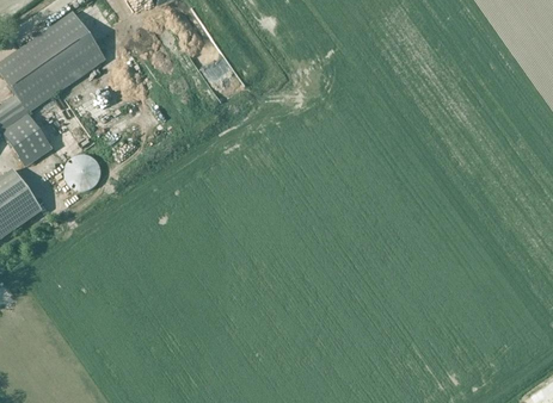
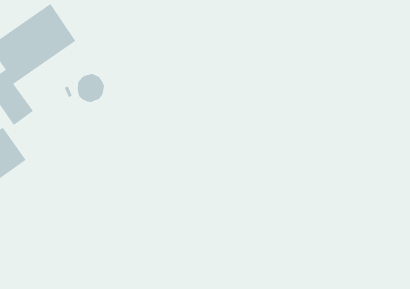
building: [66,154,102,191] -> [77,74,105,103]

